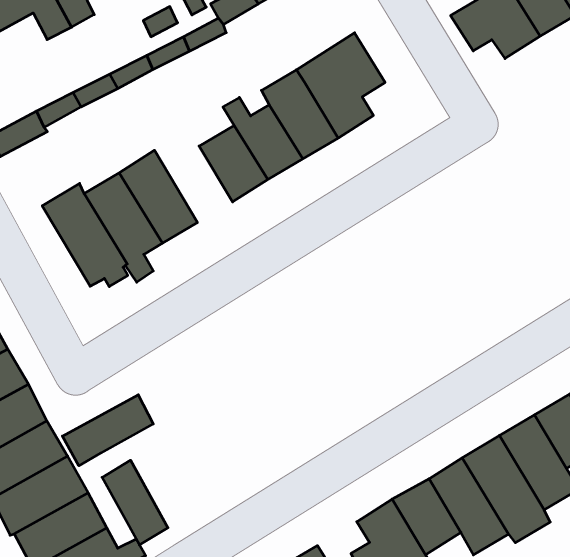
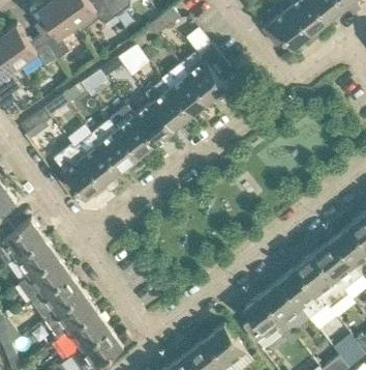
building: none -> [108,105,155,158]
building: [62,395,153,466] -> none
building: [102,460,168,545] -> none

